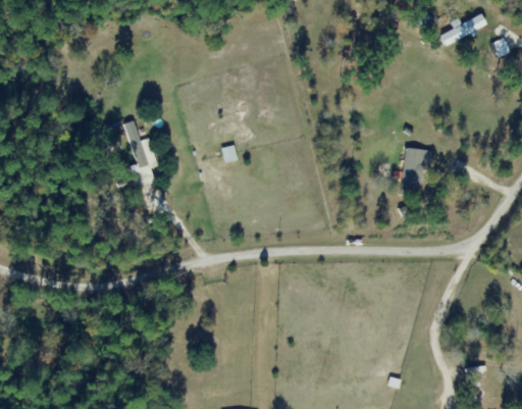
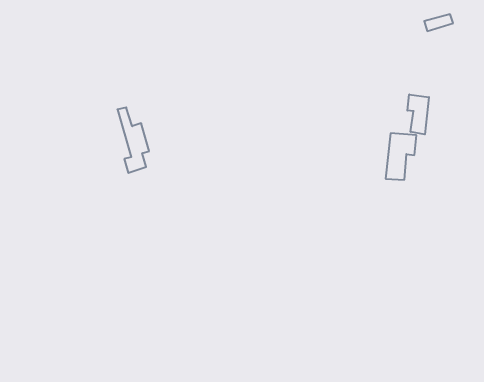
building: none -> [407,94,429,134]

